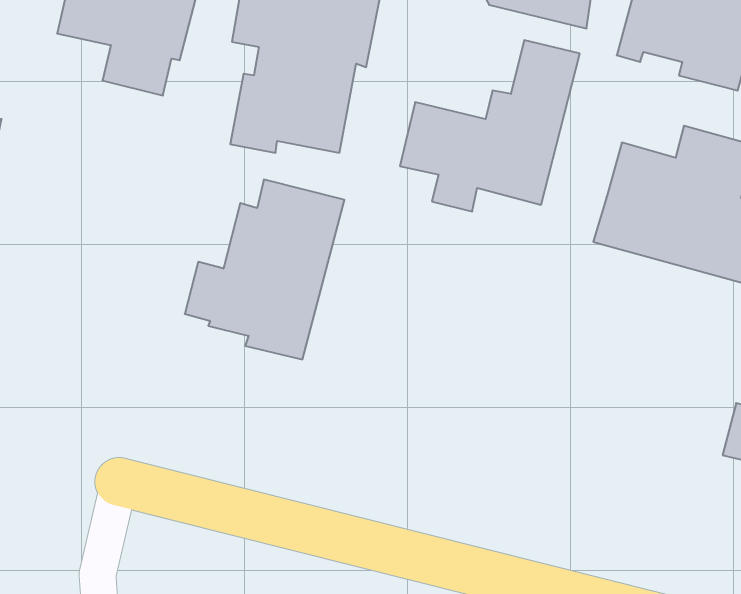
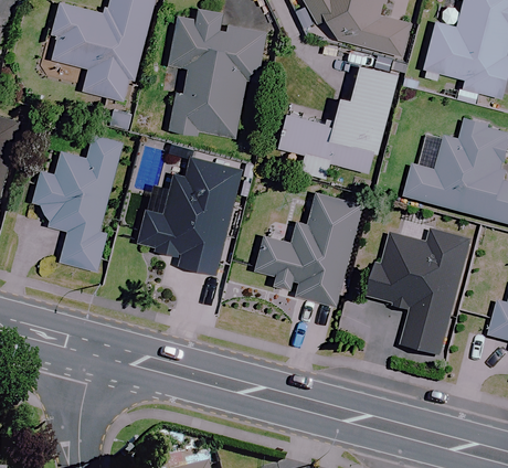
building: none -> [33,136,123,272]
building: none -> [255,191,362,306]
building: none -> [367,226,472,354]

